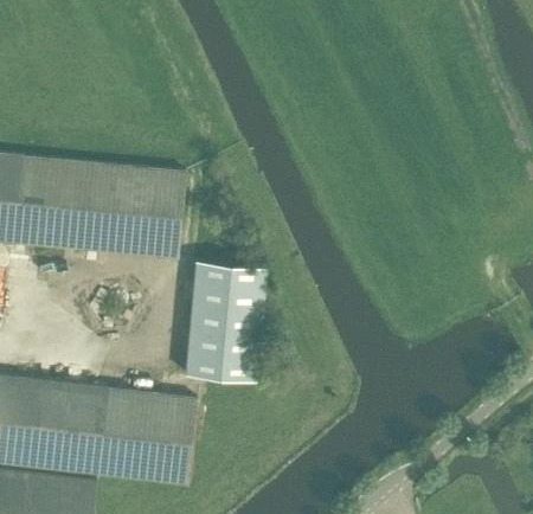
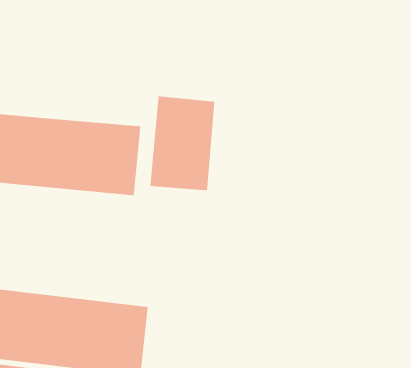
building: [182,261,265,380] -> [149,96,215,191]

